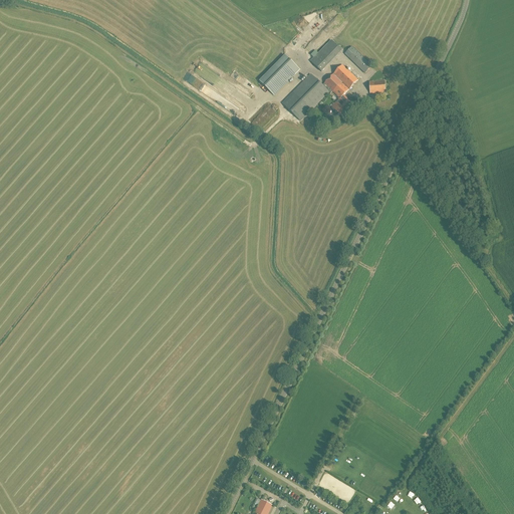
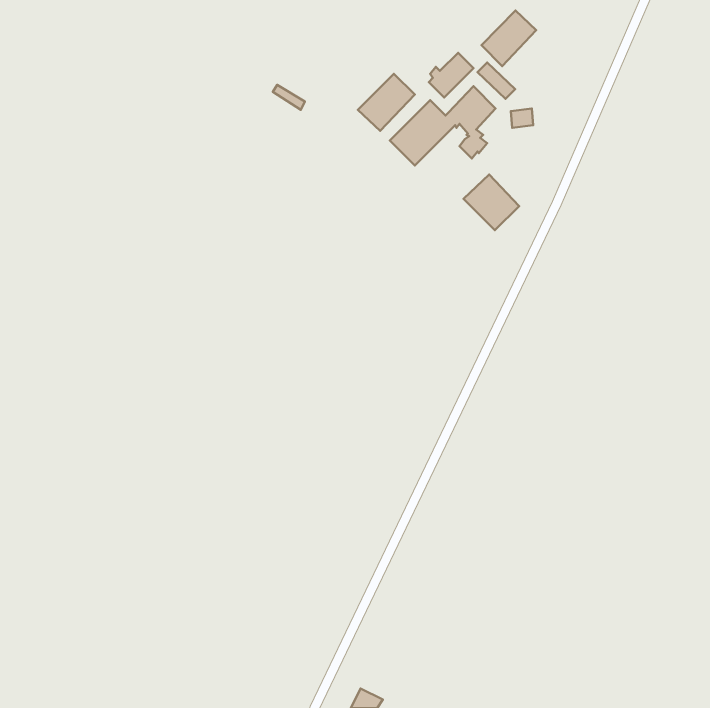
building: none -> [481,11,536,66]
building: none -> [464,175,519,230]

